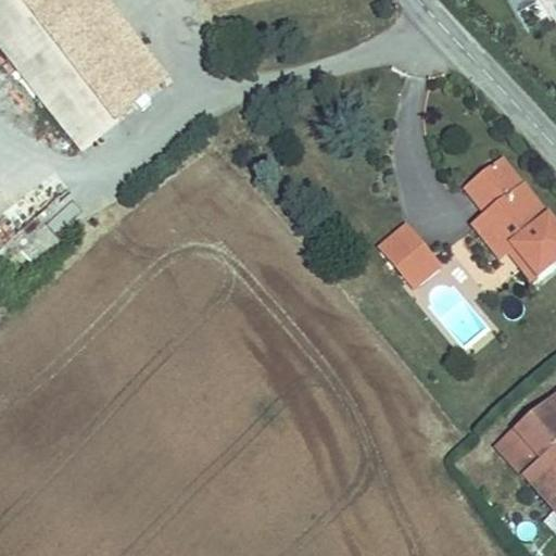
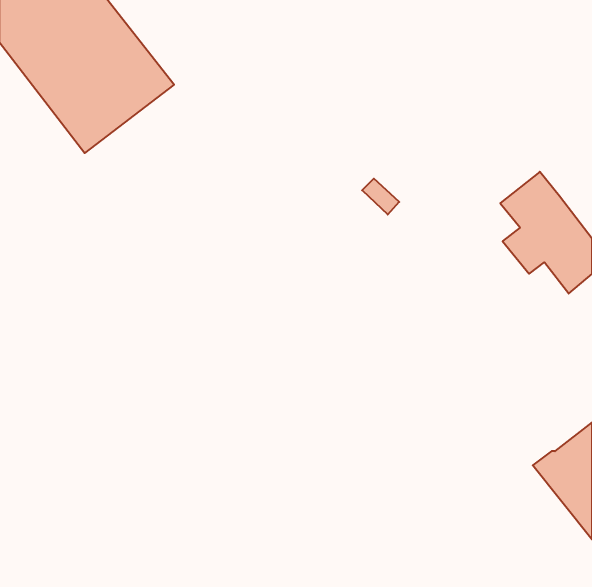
building: [378,227,437,288] -> none

